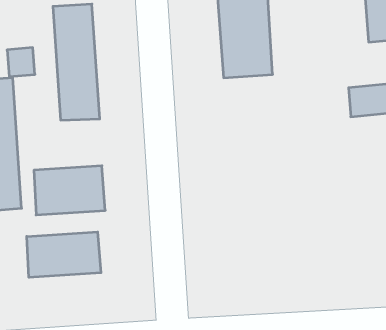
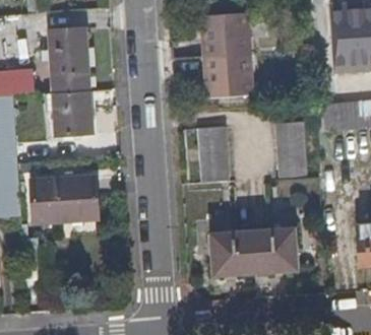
building: none -> [274,122,305,176]
building: none -> [197,127,228,182]
building: none -> [211,227,298,275]
building: [27,232,101,277] -> none

